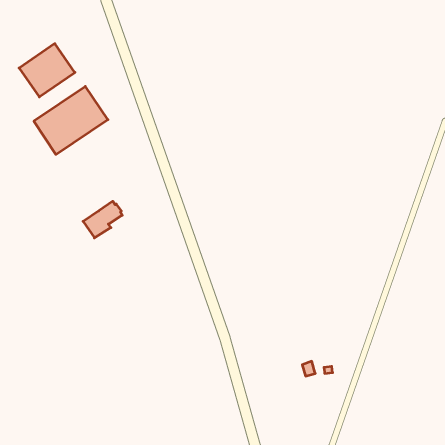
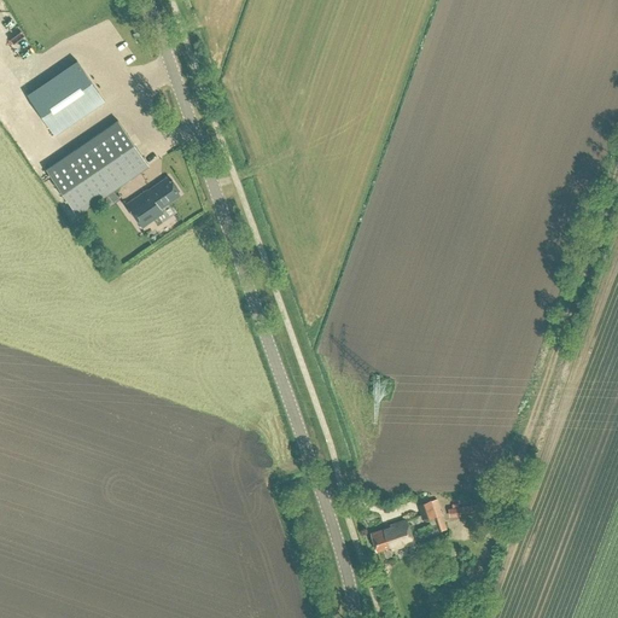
building: [83,201,122,238] -> [124,177,179,228]
building: none -> [372,520,415,553]

